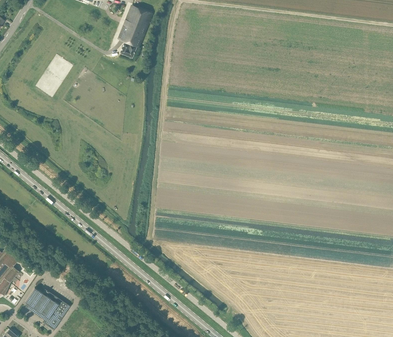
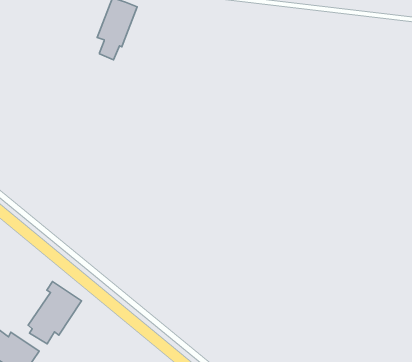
building: none -> [28,282,82,344]

